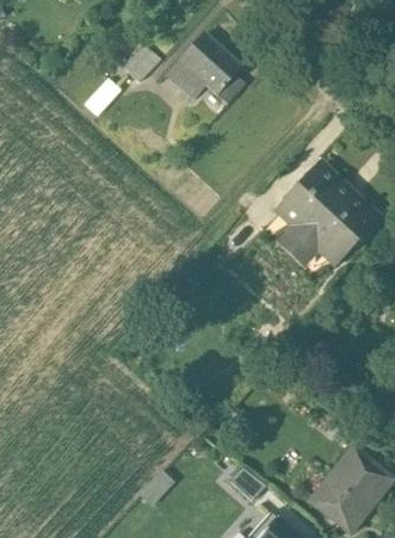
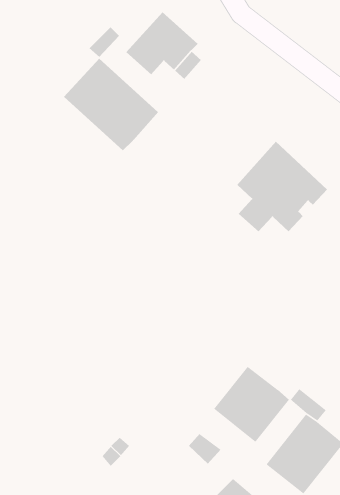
building: none -> [63,58,159,151]
building: none -> [213,366,290,443]

